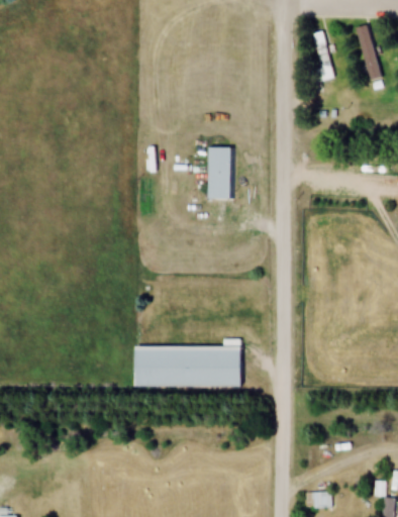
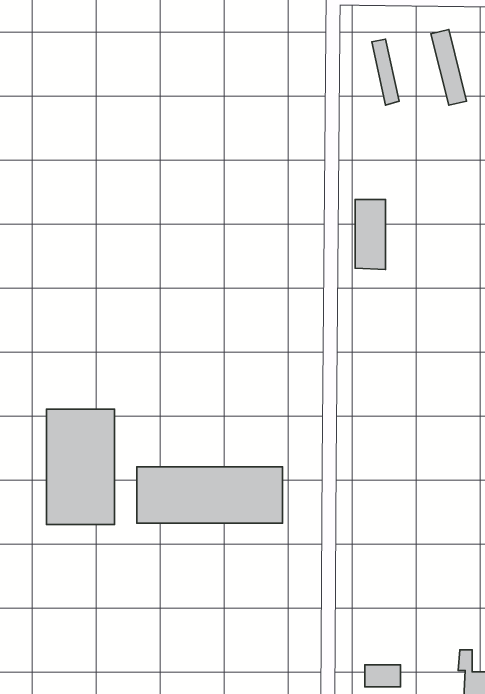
building: [211,147,233,199] -> [355,199,385,270]
building: none -> [46,409,114,524]

